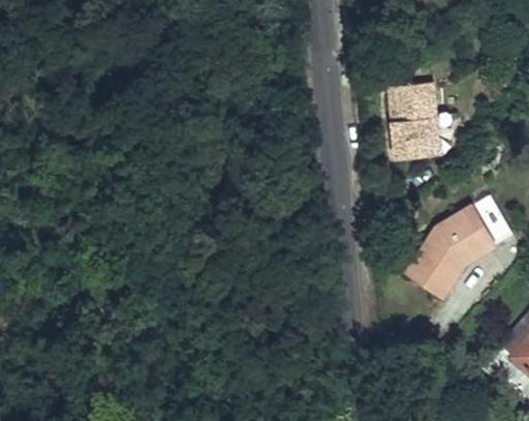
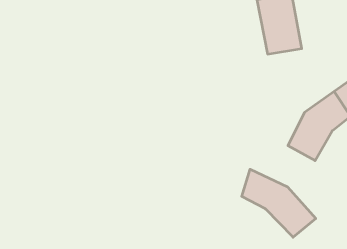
building: none -> [242,169,316,237]

